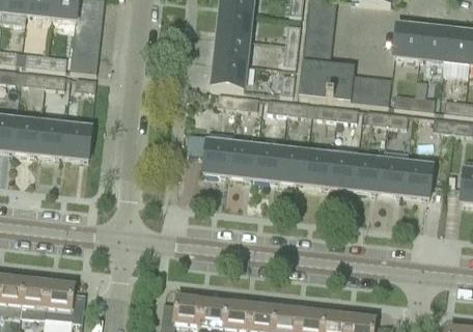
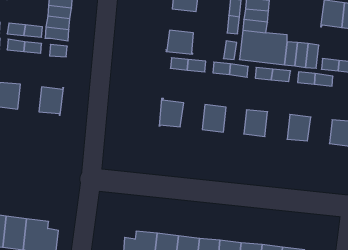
building: [216,35,247,63] -> none
building: [37,123,65,156] -> none
building: [228,145,257,176] -> none
building: [279,150,306,182] -> none
building: [328,156,357,188] -> none
building: [378,162,407,193] -> none

